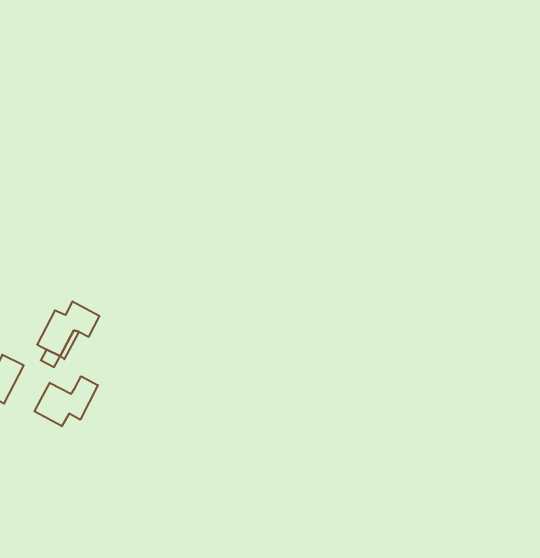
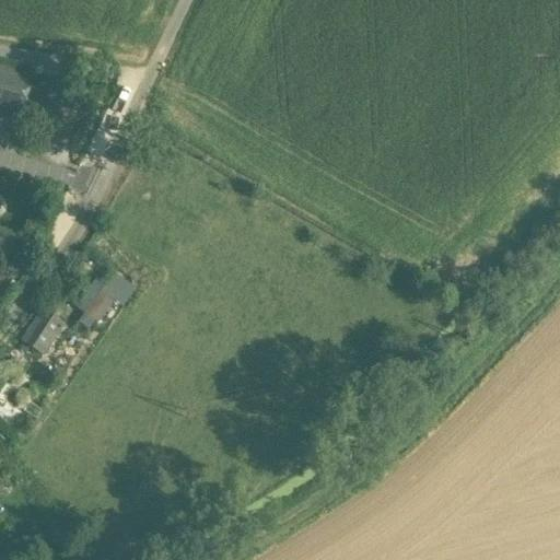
building: [34,376,98,426] -> none

